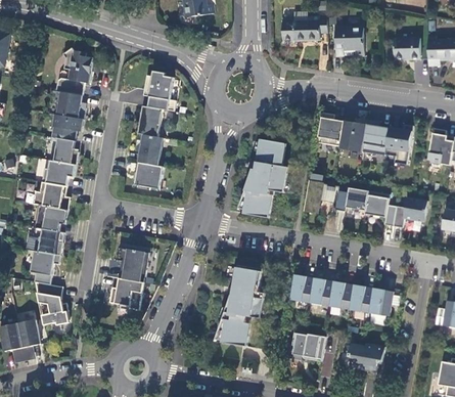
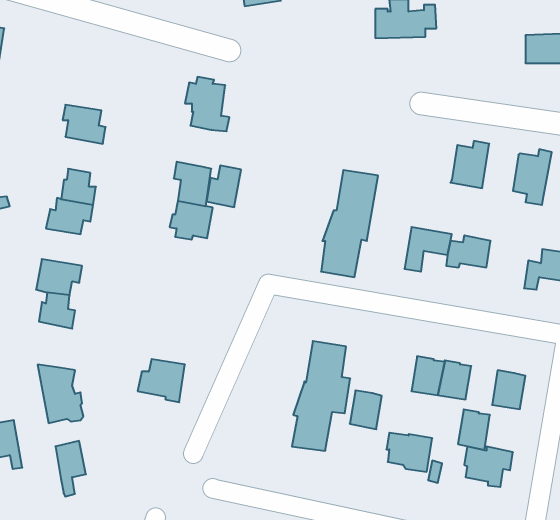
building: [334,29,363,57] -> none
building: [54,47,91,95] -> none
building: [136,106,162,137] -> [206,165,241,207]
building: [316,113,343,146] -> none
building: [50,115,82,141] -> none
building: [361,119,388,156] -> none
building: [32,182,69,210] -> none
building: [364,191,395,226] -> none
building: [116,248,147,282] -> none
building: [27,250,59,284] -> none
building: [289,273,313,302] -> [350,390,382,429]
building: [349,282,372,312] -> [458,409,490,450]
building: [16,319,39,360] -> [55,441,86,496]

